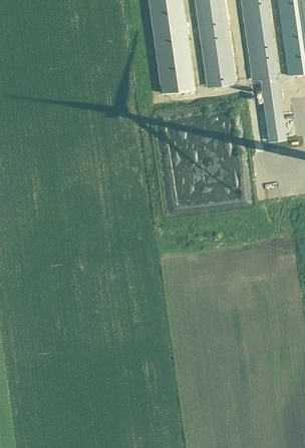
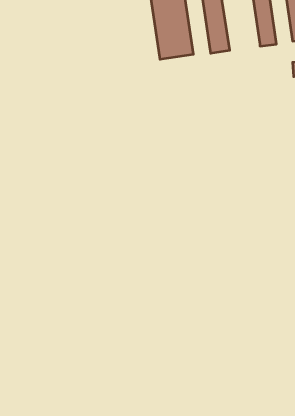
building: [261,86,285,141] -> none

